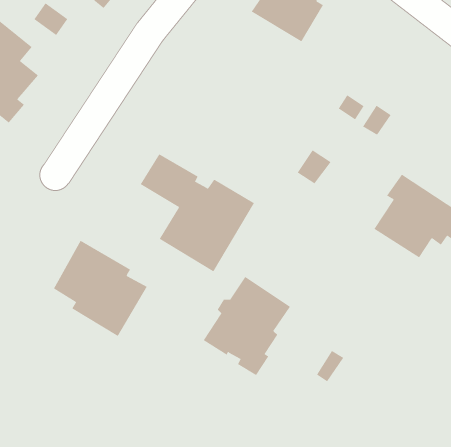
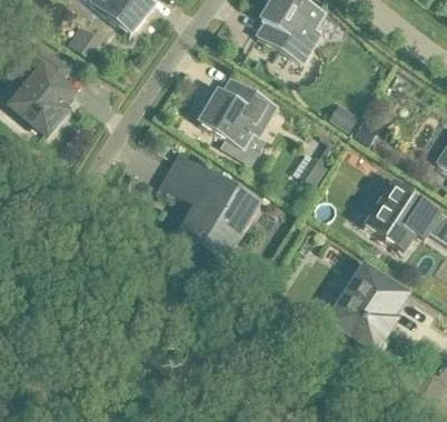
building: none -> [199,78,277,148]
building: [53,240,148,337] -> none
building: [203,276,291,376] -> [329,267,406,353]

